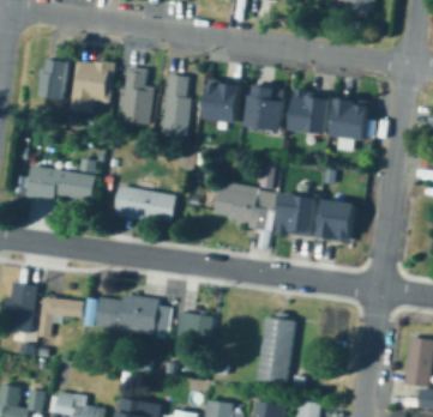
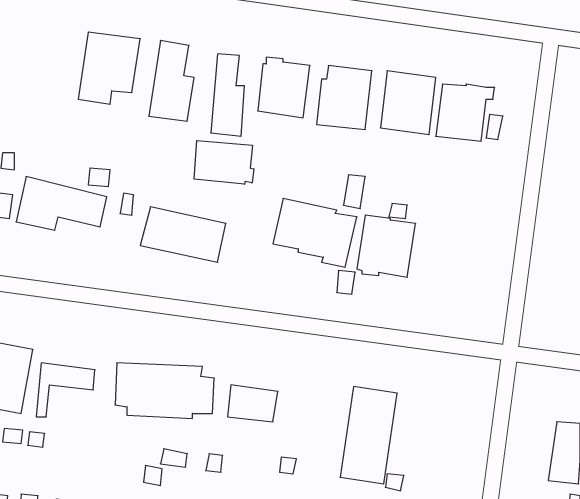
building: [40,56,68,97] -> none
building: none -> [194,141,254,184]
building: [311,198,354,242] -> none

